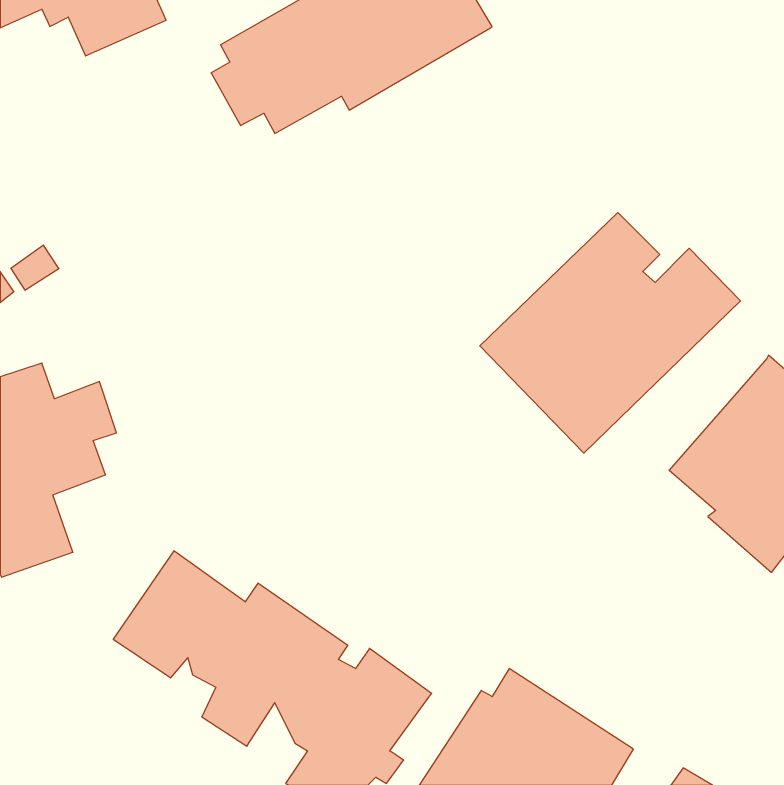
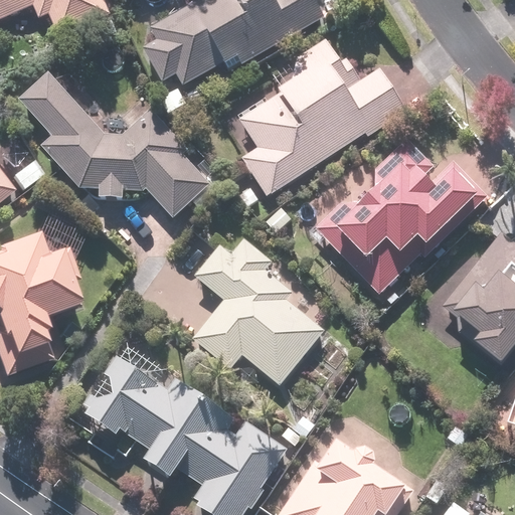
building: none -> [233,37,405,198]
building: none -> [17,73,211,218]
building: none -> [190,240,324,383]

